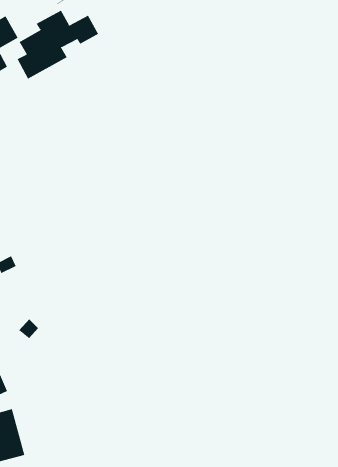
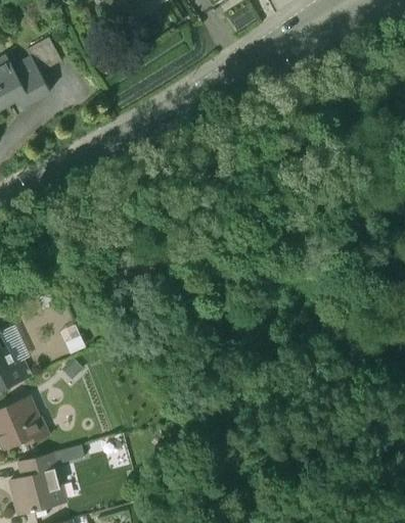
building: [17,10,99,80] -> none

